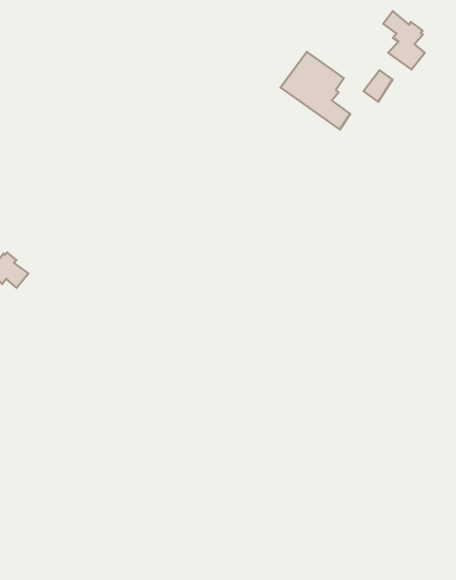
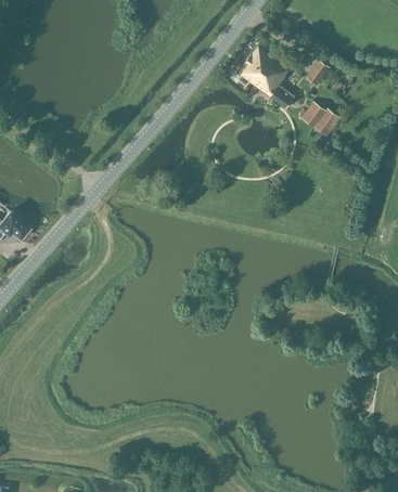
building: [383,11,425,70] -> none
building: none -> [301,102,341,137]

